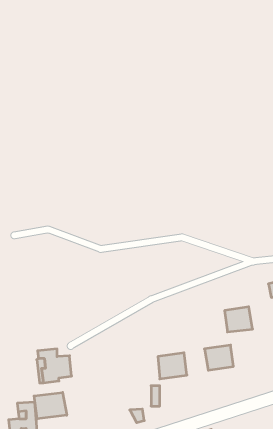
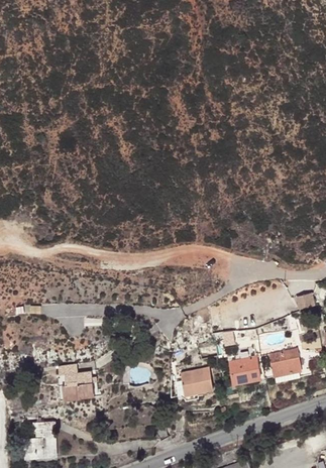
building: [225,307,253,332] -> [268,354,298,380]
building: [34,392,67,419] -> none

